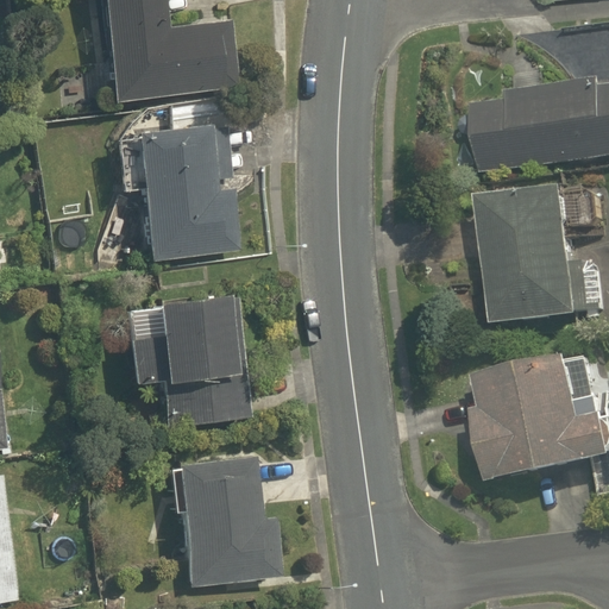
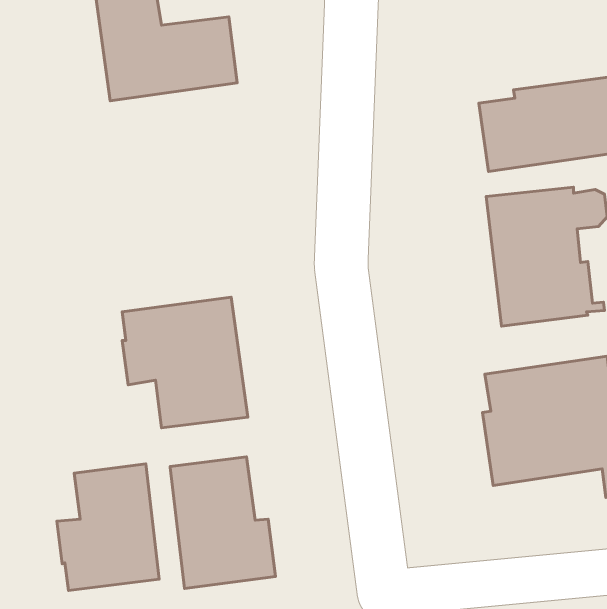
building: [134,124,238,257] -> none
building: none -> [57,464,159,591]

